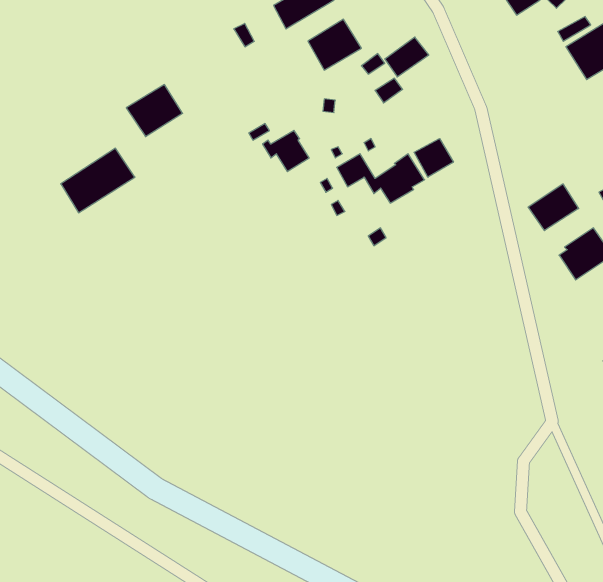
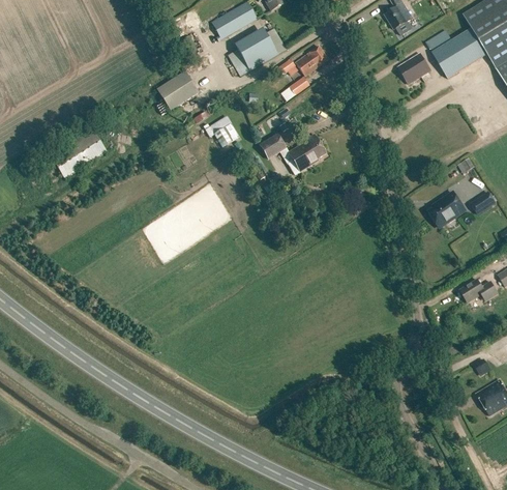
building: none -> [398,52,431,83]
building: [126,85,183,137] -> [156,70,199,110]
building: [414,139,453,177] -> none
building: [528,184,579,231] -> none

